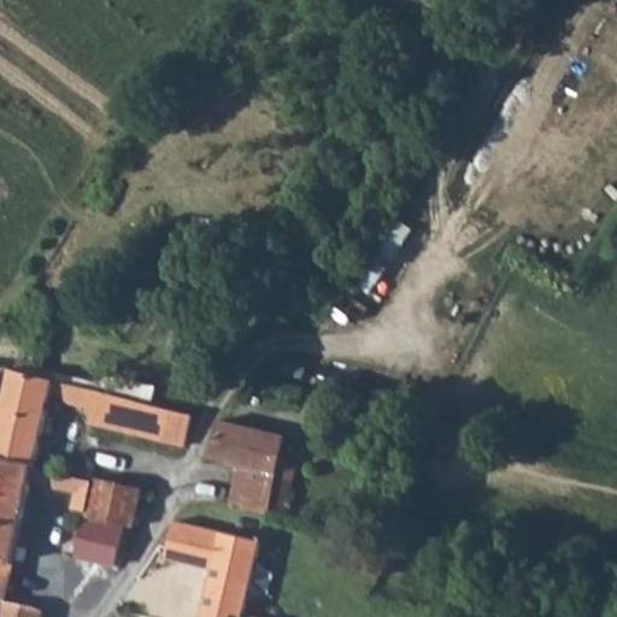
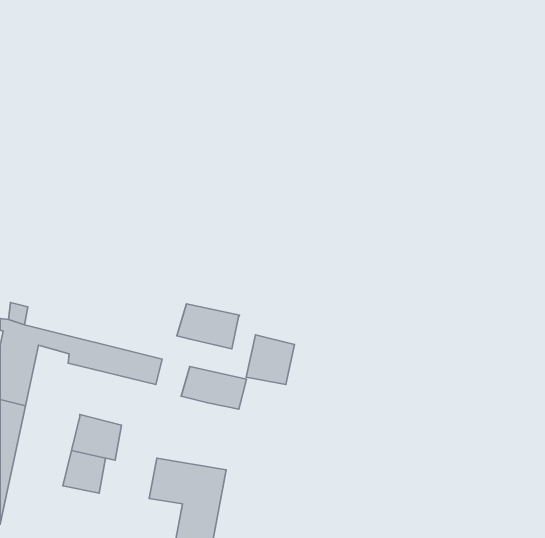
building: none -> [177,304,239,349]
building: none -> [246,335,294,385]
building: [224,463,270,515] -> none

